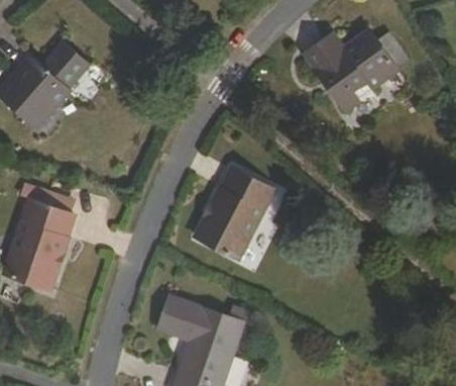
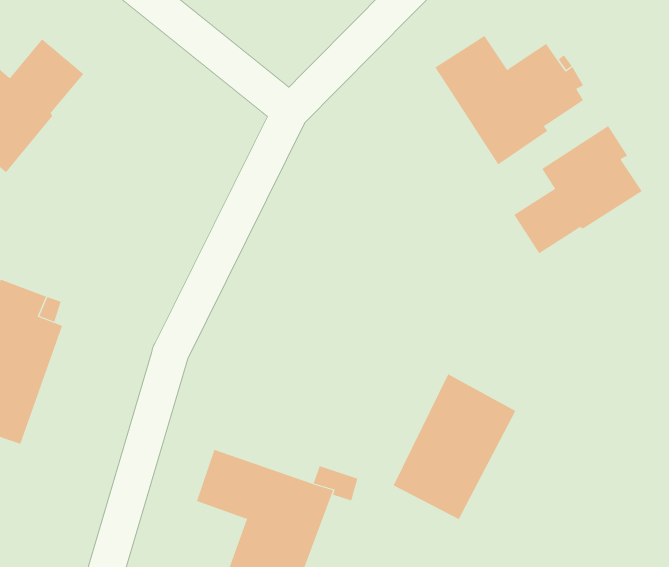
building: none -> [513,125,642,254]
building: [197,166,273,257] -> [393,374,516,520]

